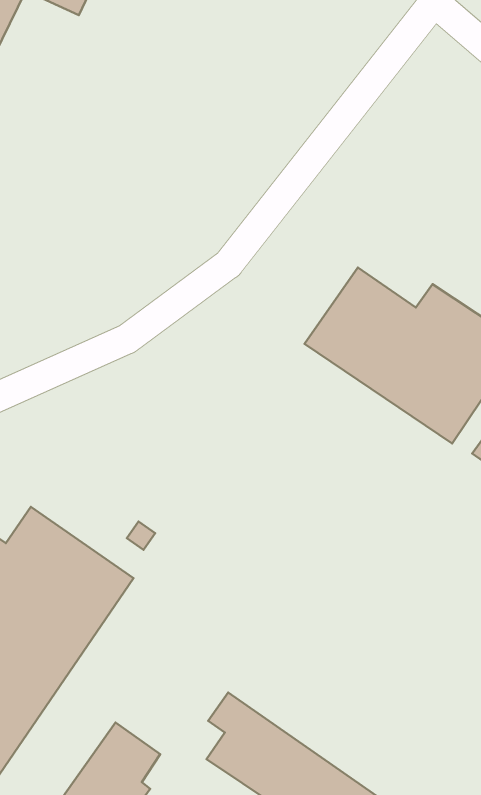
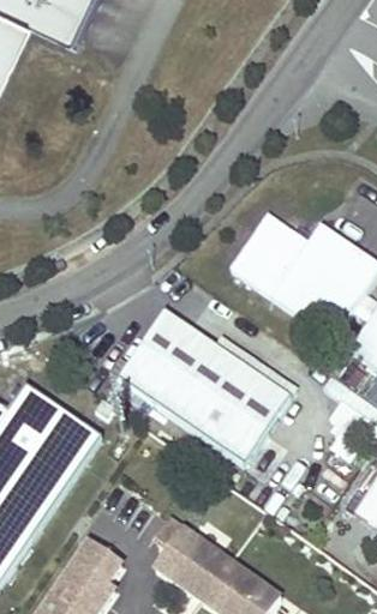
building: none -> [120,309,293,464]

